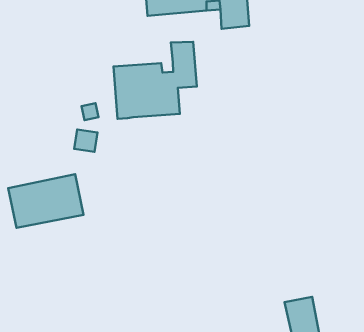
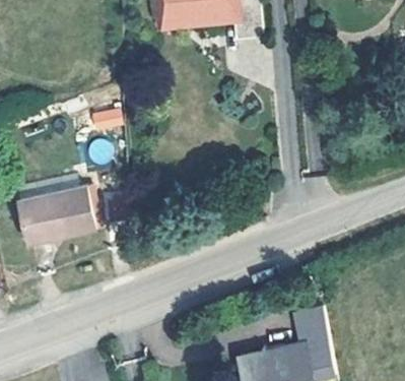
building: [114,42,197,119] -> none

